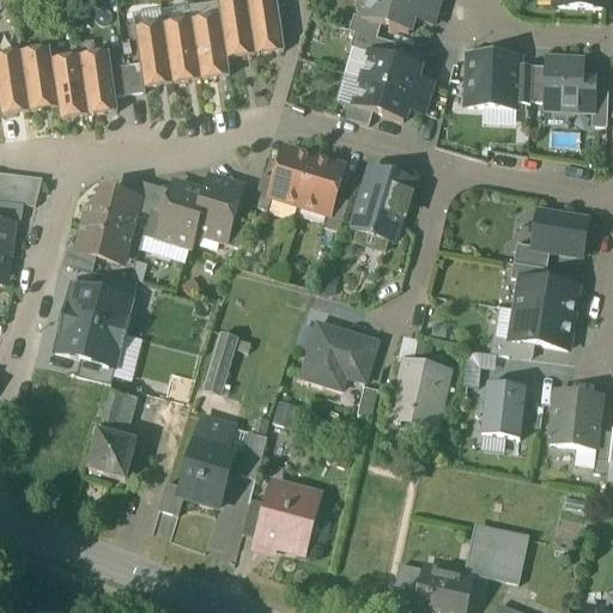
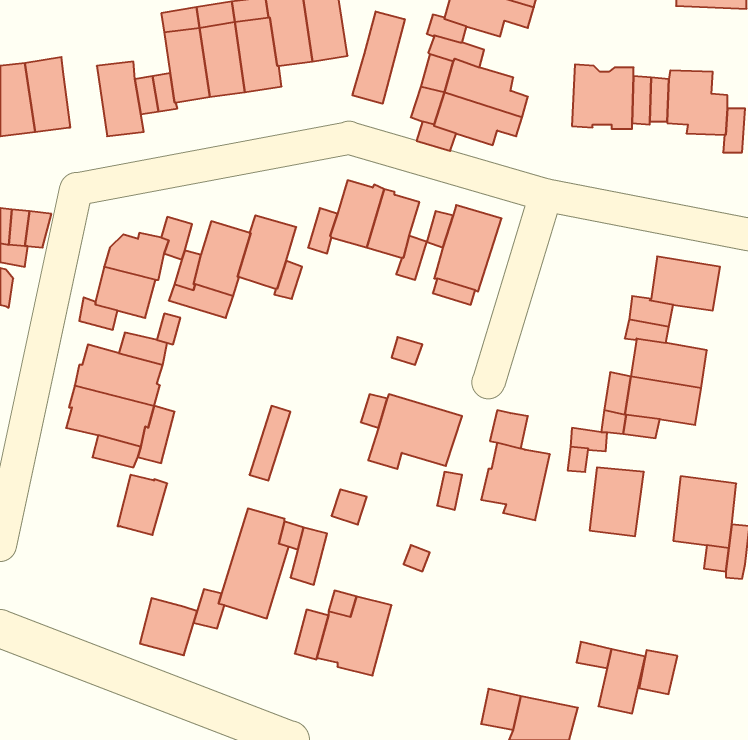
building: none -> [352,11,405,104]
building: [53,54,89,116] -> none
building: [90,430,136,477] -> [140,598,197,655]
building: [466,541,497,577] -> [639,650,677,694]

